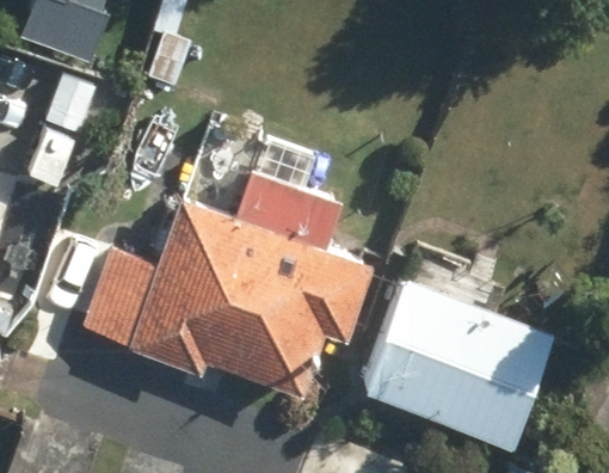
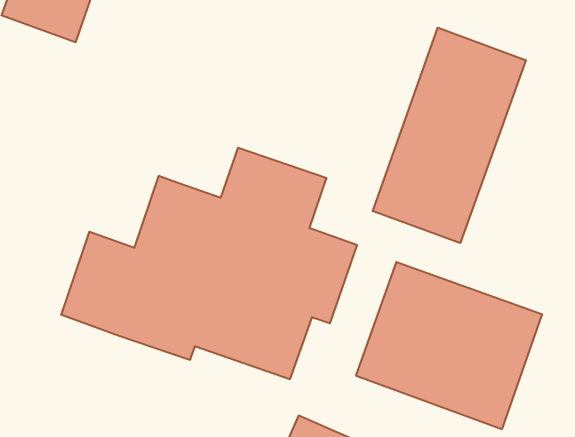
building: none -> [373,28,526,243]

